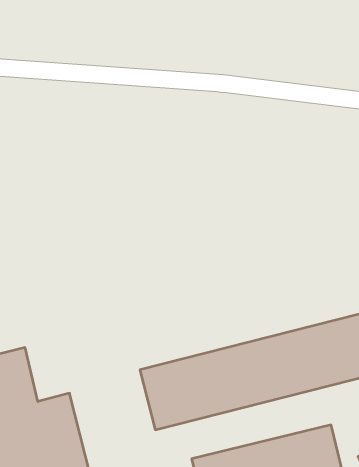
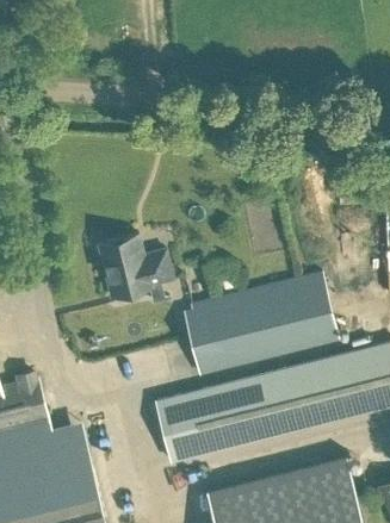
building: none -> [98,236,173,299]
building: none -> [185,274,340,376]

